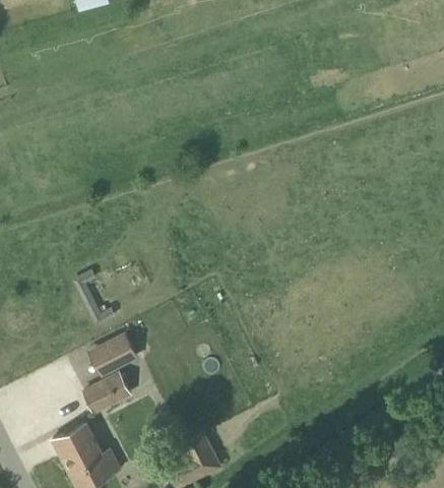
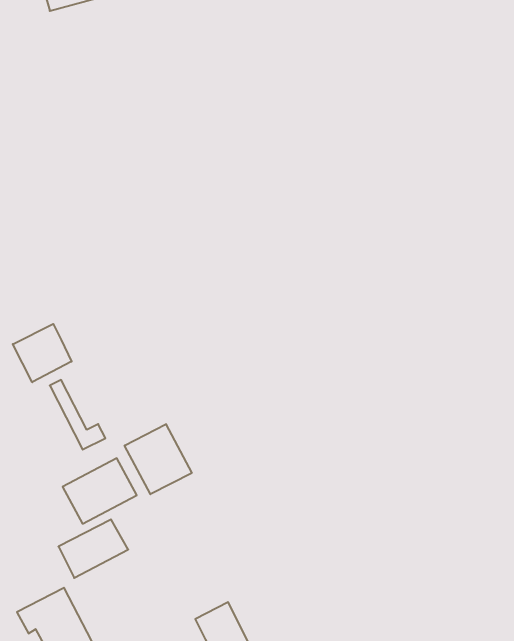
building: none -> [13,324,72,382]
building: none -> [125,424,192,494]

